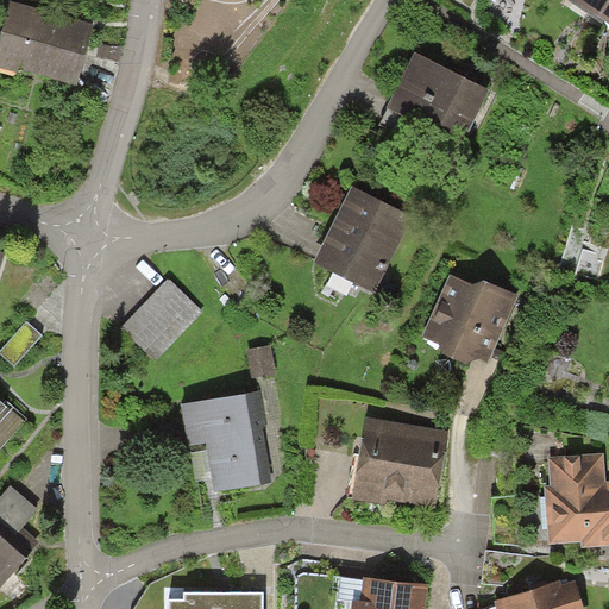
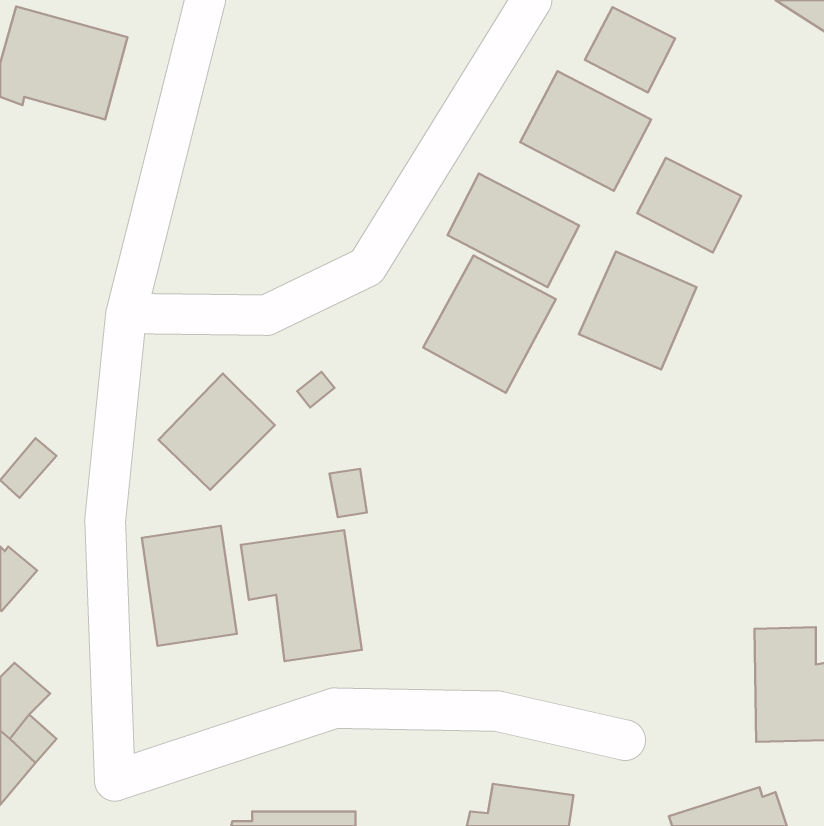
building: none -> [585,7,675,92]
building: none -> [637,158,741,252]
building: none -> [447,173,579,287]
building: [423,271,510,358] -> [579,252,697,370]
building: none -> [142,526,237,646]
building: [352,416,444,500] -> none

